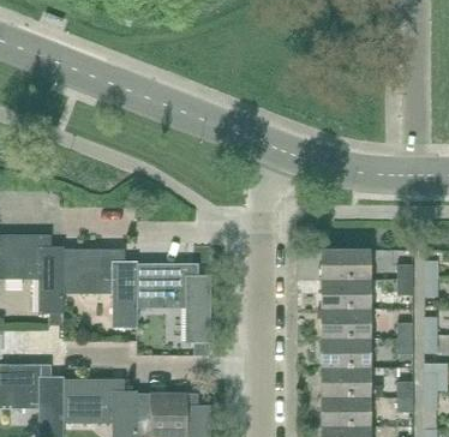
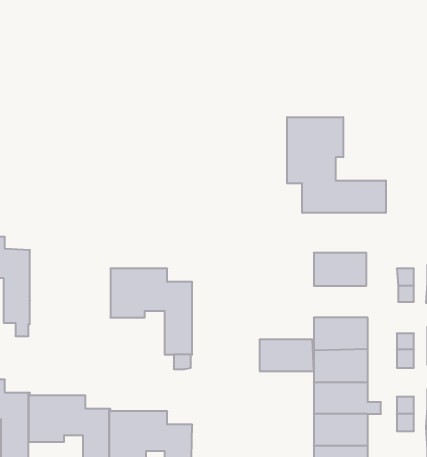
building: none -> [287,117,386,213]
building: [64,250,137,329] -> none
building: [322,280,371,309] -> [260,339,314,371]

